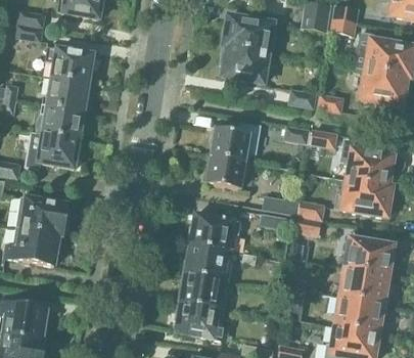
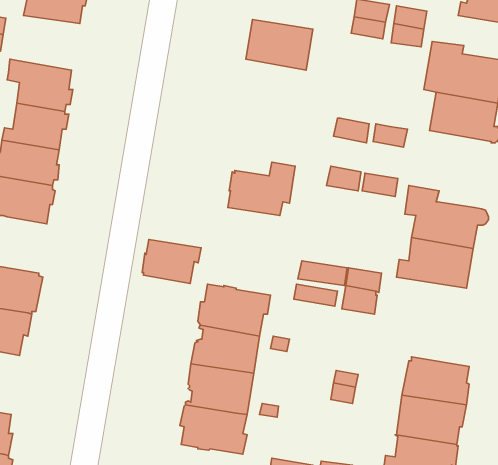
building: [220,46,268,84] -> none
building: [204,156,248,189] -> [142,239,201,283]
building: [346,238,395,275] -> none

